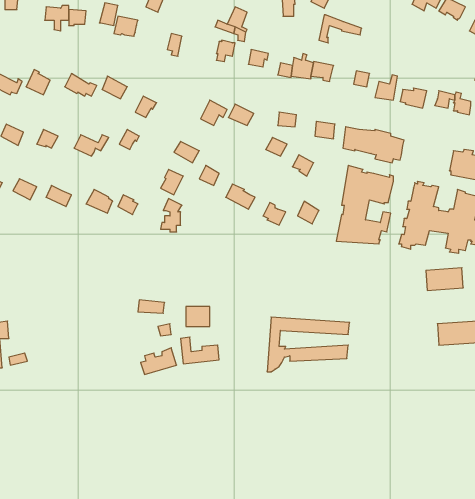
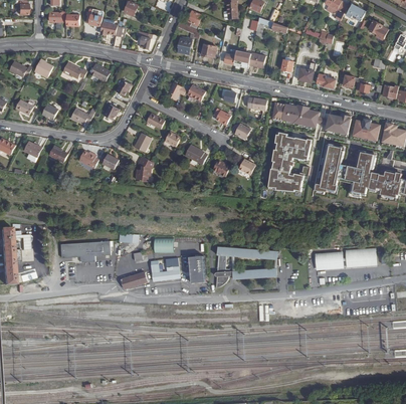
building: none -> [326,114,351,136]
building: [426,268,463,290] -> [315,251,343,268]
building: none -> [60,240,110,261]
building: none -> [191,253,207,280]

